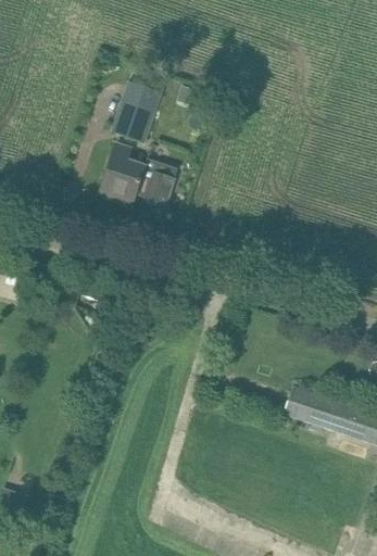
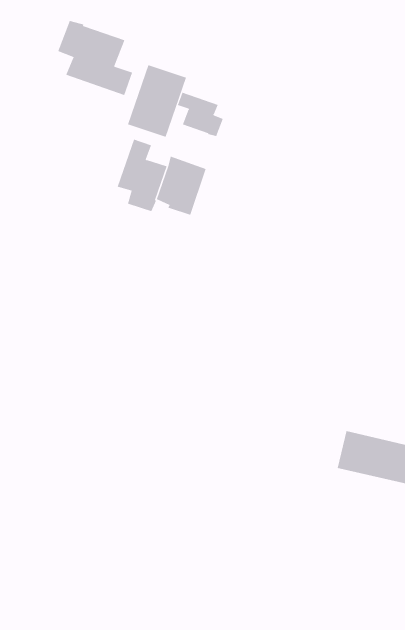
building: none -> [57,20,133,96]
building: none -> [177,92,224,137]

